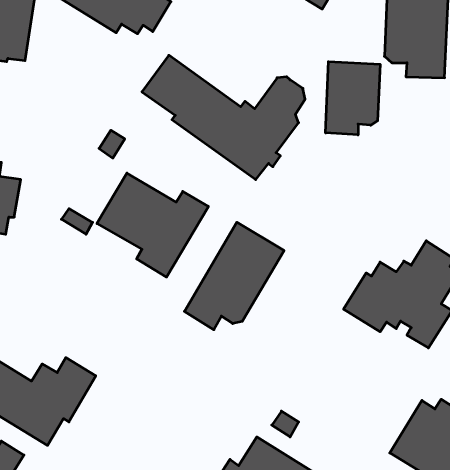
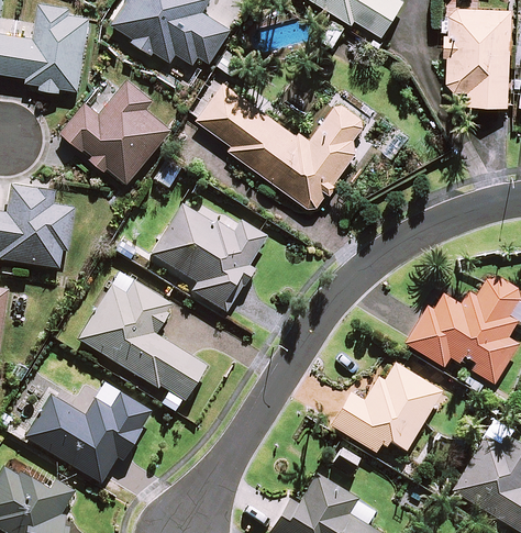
building: none -> [64,81,173,181]
building: [326,62,380,135] -> none
building: [184,222,284,330] -> none
building: none -> [78,275,207,418]
building: none -> [330,364,440,454]

